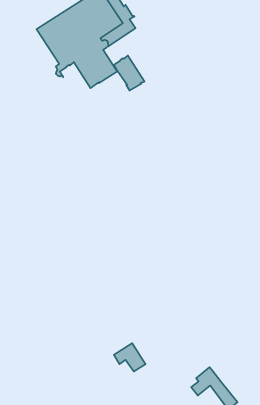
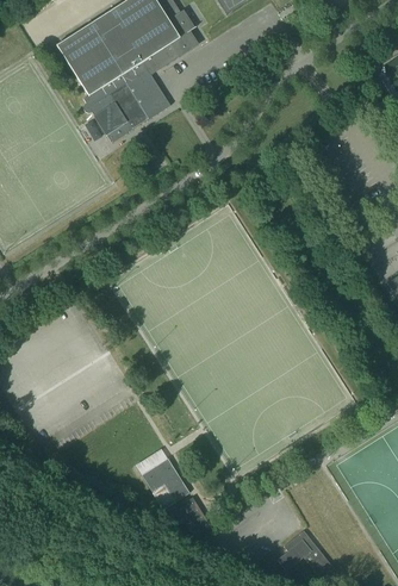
building: [114,56,145,91] -> [88,92,132,142]
building: none -> [142,456,189,507]

